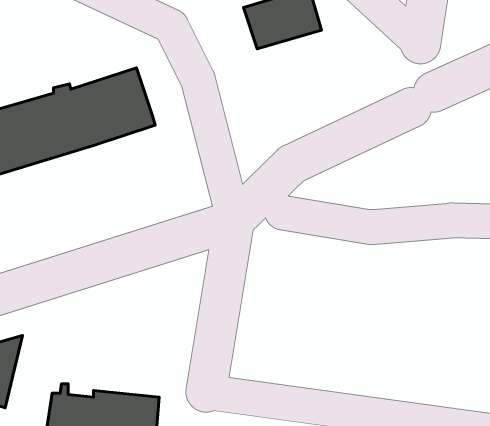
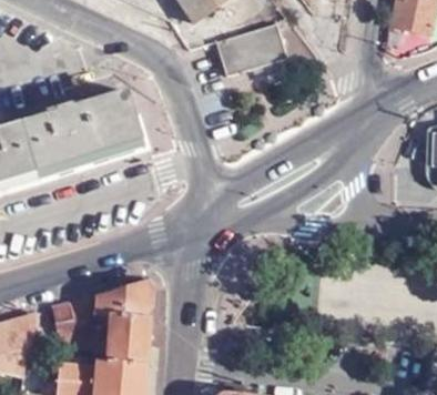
building: none -> [52,278,153,364]

